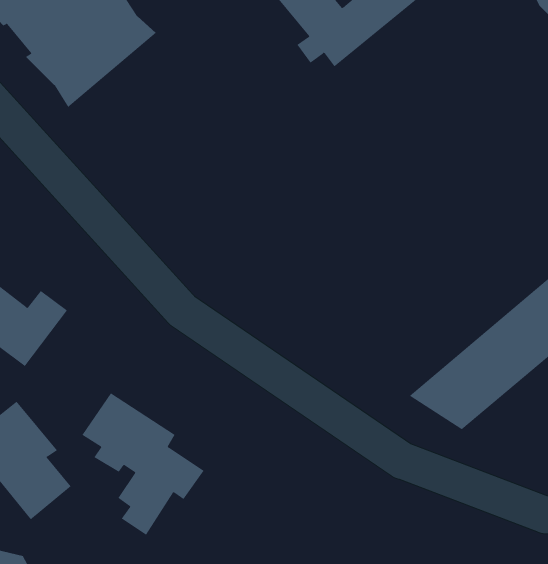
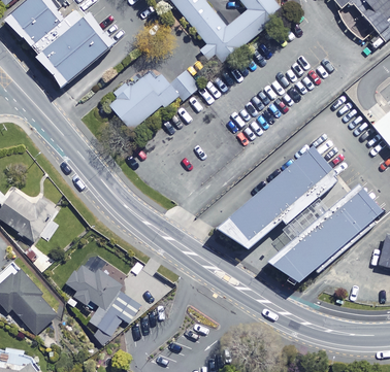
building: none -> [106,69,195,132]
building: none -> [215,145,336,248]

